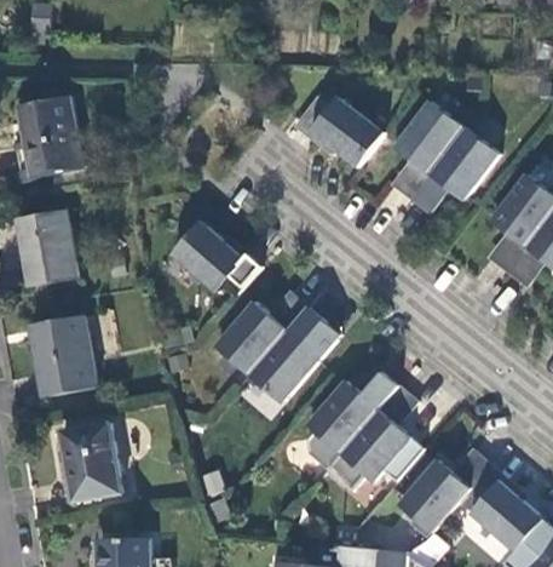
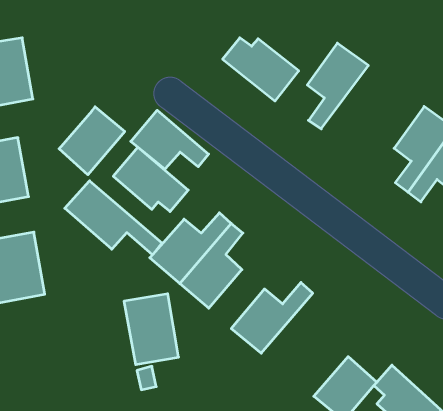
building: [408,130,496,212] -> none
building: none -> [59,107,125,175]
building: none -> [131,110,209,169]
building: none -> [65,181,162,255]
building: [340,386,411,483] -> none
building: [62,423,123,503] -> [124,294,179,365]

